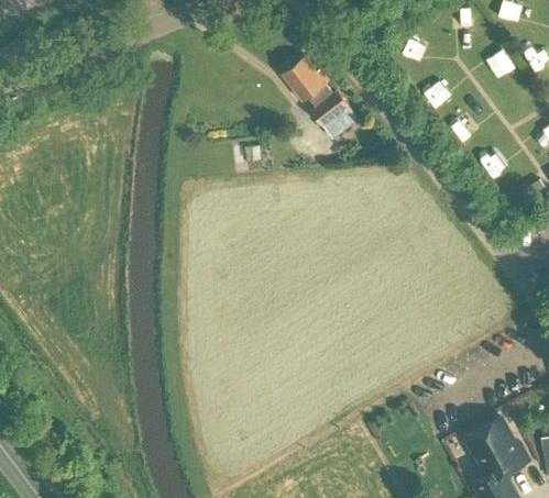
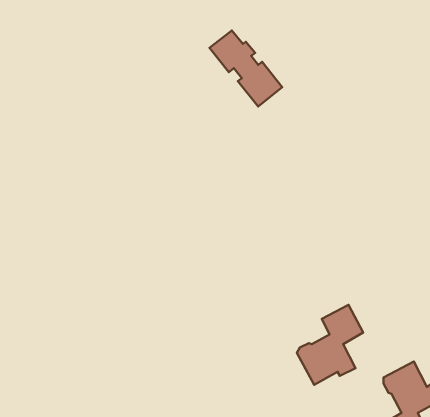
building: none -> [297,305,363,385]

